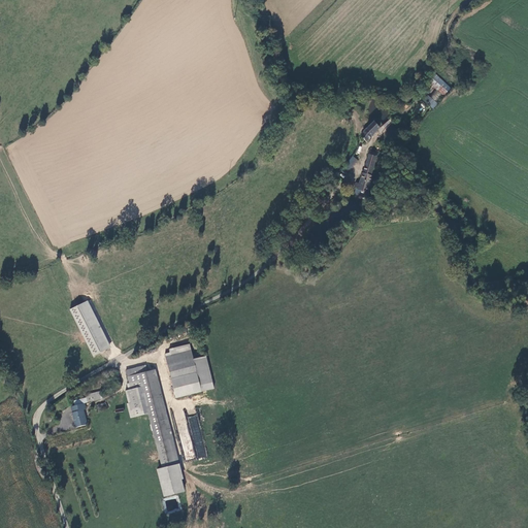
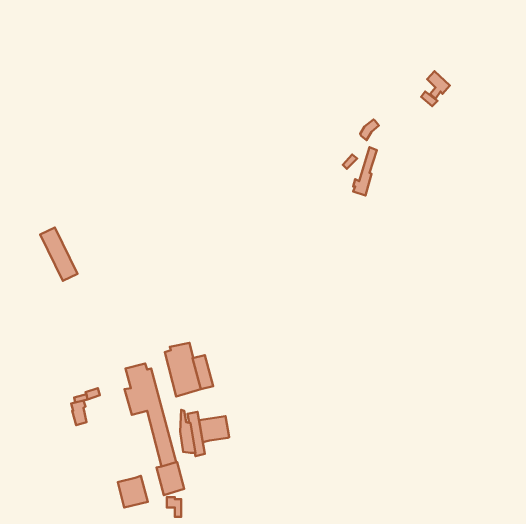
building: [70,301,107,355] -> [40,227,77,281]
building: none -> [199,416,229,442]
building: none -> [118,476,148,507]

